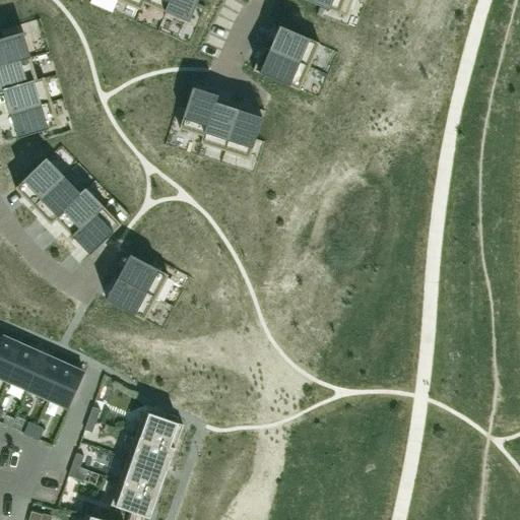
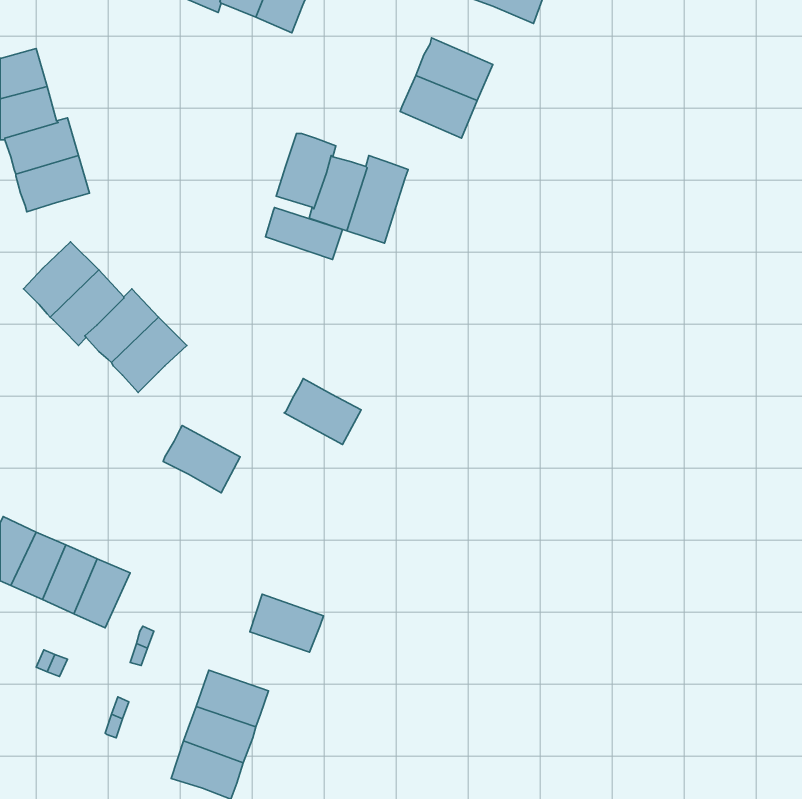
building: none -> [266,208,343,260]
building: [118,253,168,296] -> [284,378,361,444]
building: [135,409,183,447] -> [250,594,323,652]

